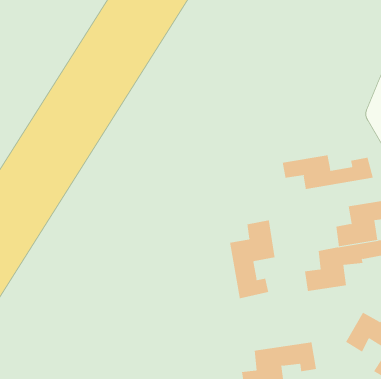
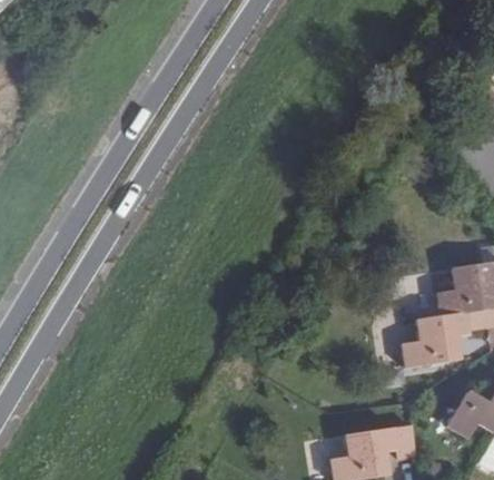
building: [282,154,373,190] -> none
building: [230,220,275,299] -> none

